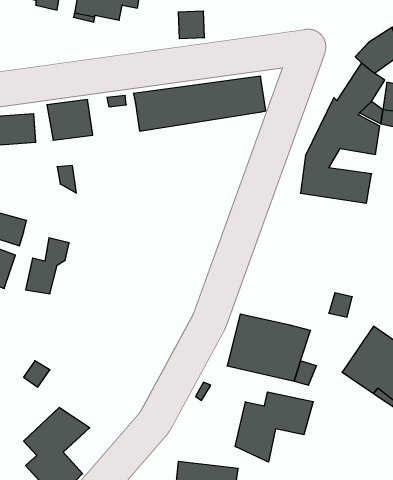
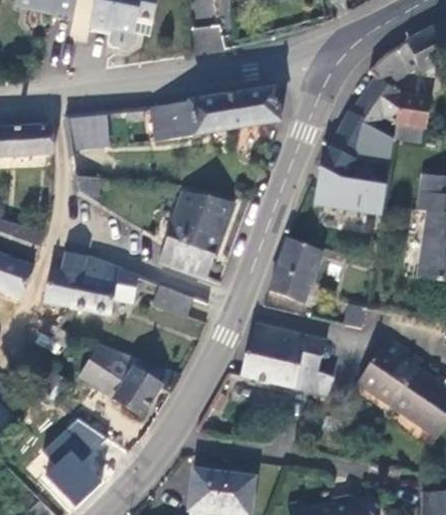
building: none -> [156,189,234,280]
building: none -> [270,240,321,301]
building: none -> [67,254,137,314]
building: none -> [151,283,194,314]
building: none -> [77,343,180,418]
building: [235,392,313,462] -> none

